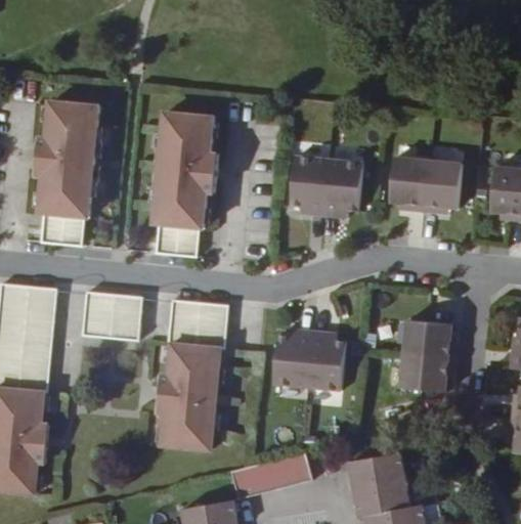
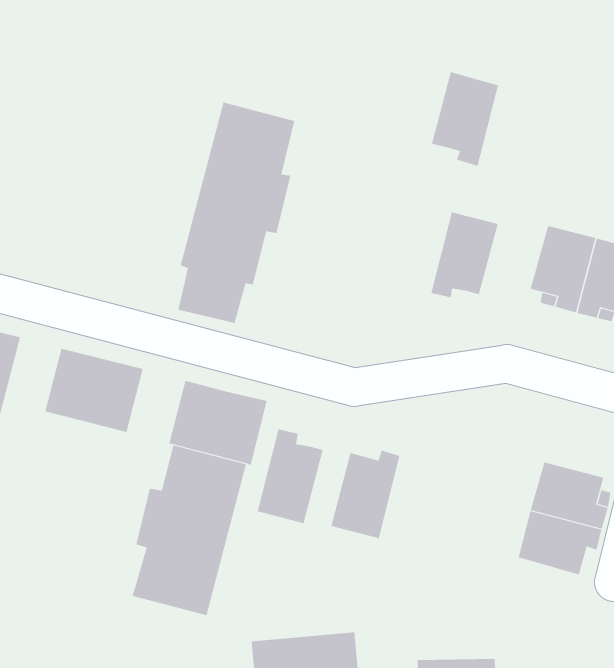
building: [33,99,97,247] -> none
building: [288,156,327,216] -> [431,71,499,167]
building: [313,328,351,388] -> [257,429,324,524]

